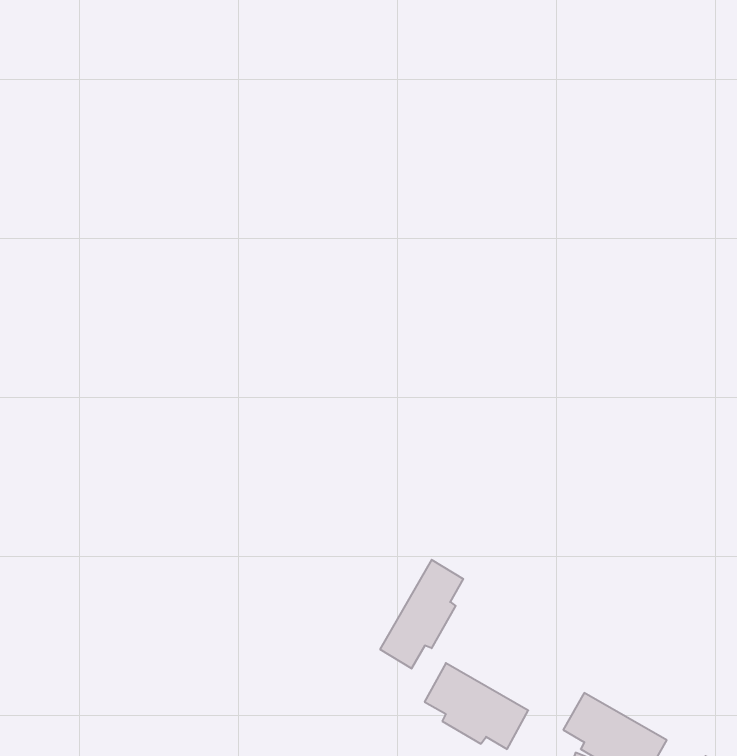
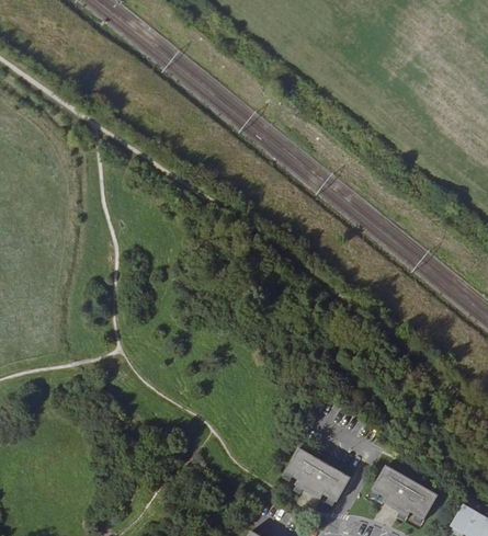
building: [380,560,463,669] -> none

